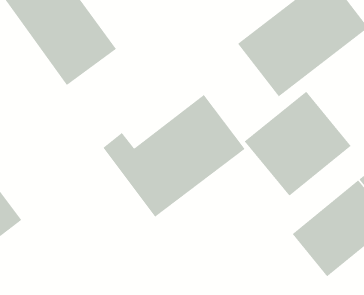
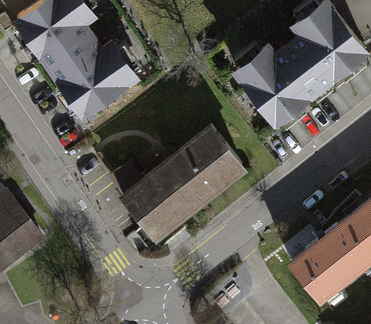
building: [244,91,351,197] -> none

